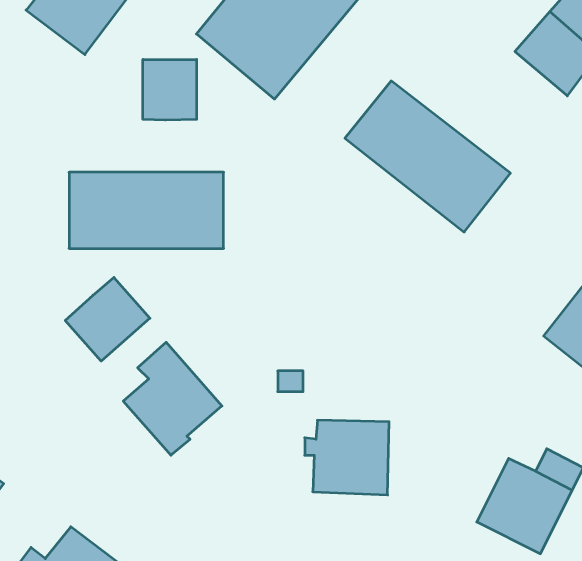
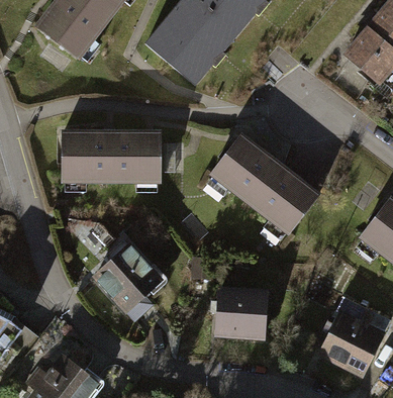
building: [143,59,197,120] -> none
building: [345,81,510,232] -> [212,136,317,232]
building: [65,277,150,361] -> none

